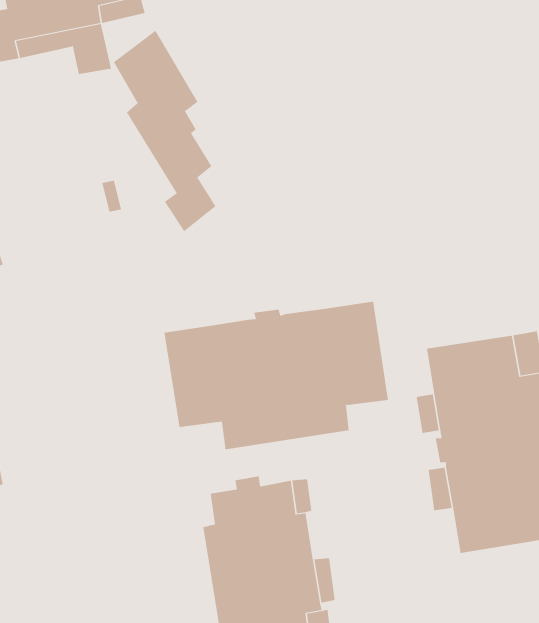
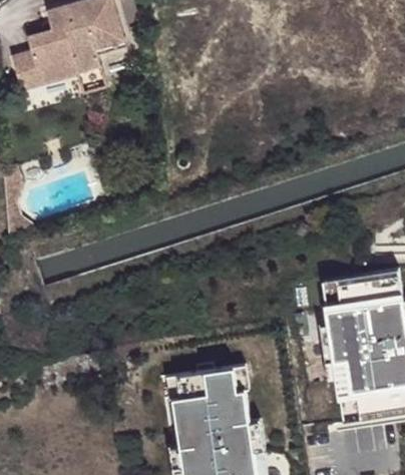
building: [113,30,216,232] -> none
building: [164,301,389,450] -> none

